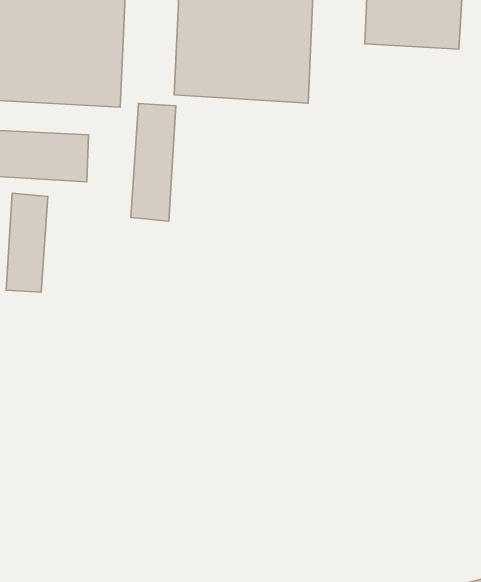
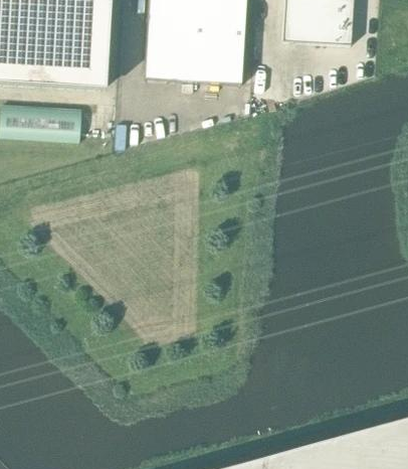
building: [131,103,176,221] -> none
building: [6,193,48,292] -> none

